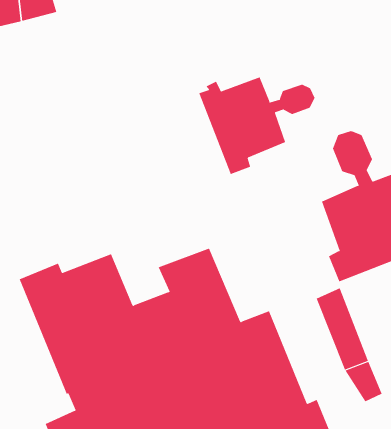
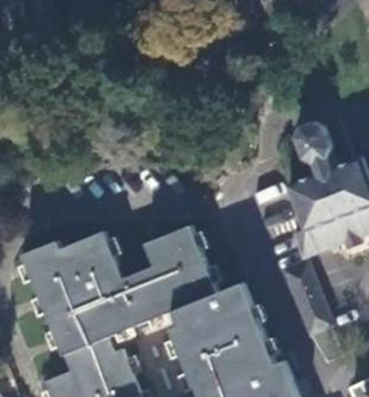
building: [198,77,315,175] -> none

